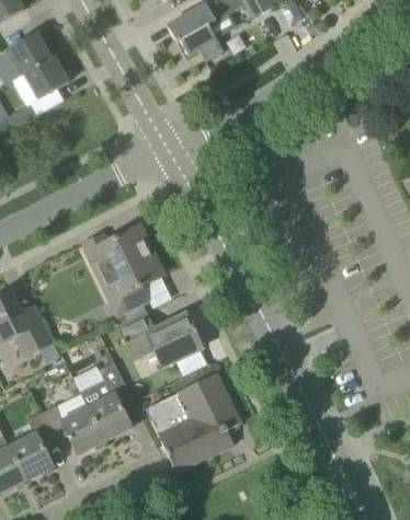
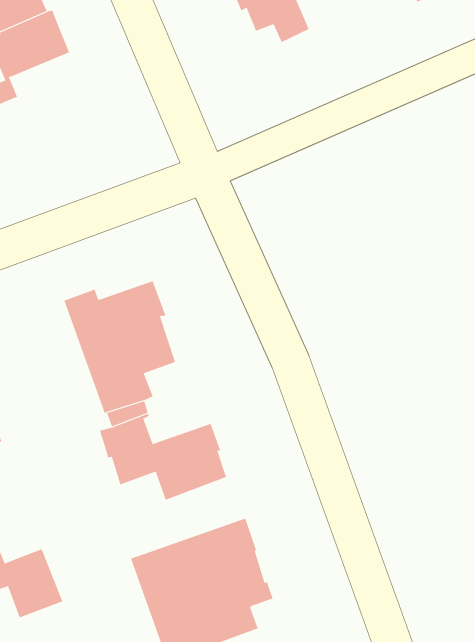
building: [79,361,136,440] -> none

